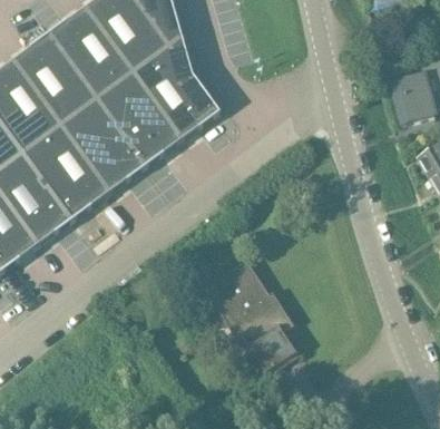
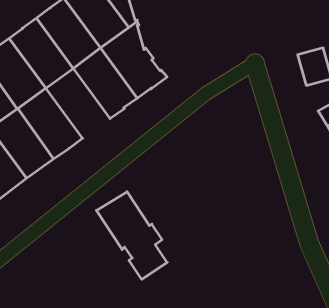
building: [61,99,145,191] -> none
building: [206,260,299,374] -> [96,192,167,279]

